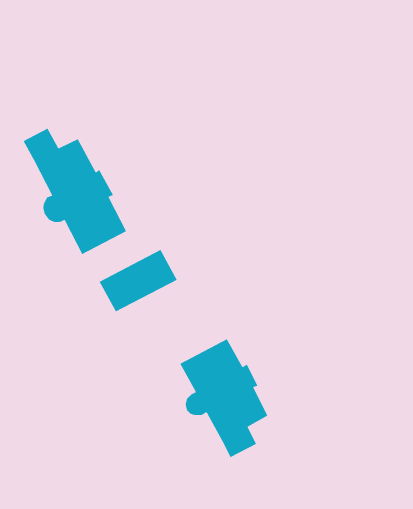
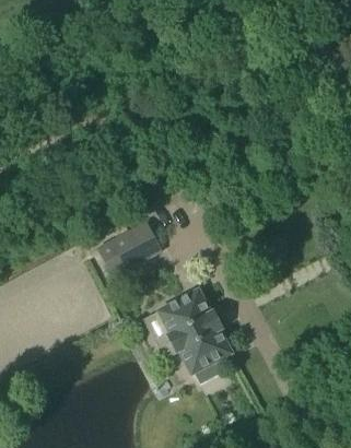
building: [23,128,127,255] -> none

